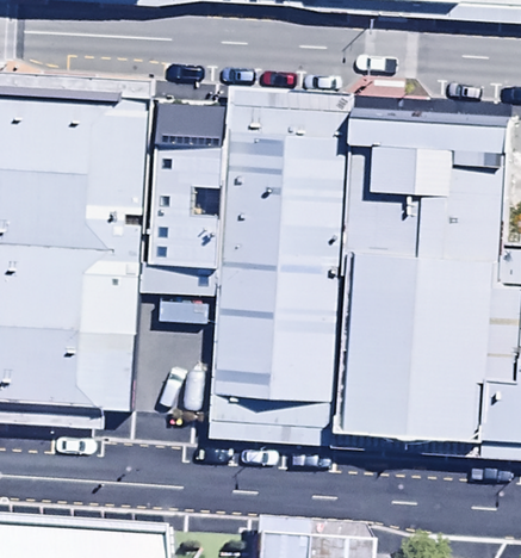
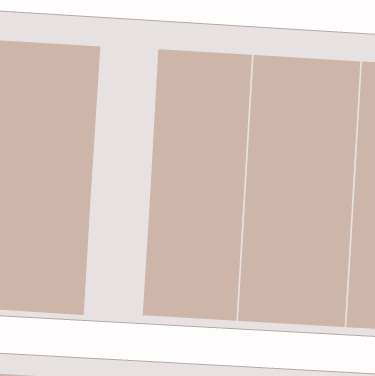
building: [139,98,225,309] -> none

